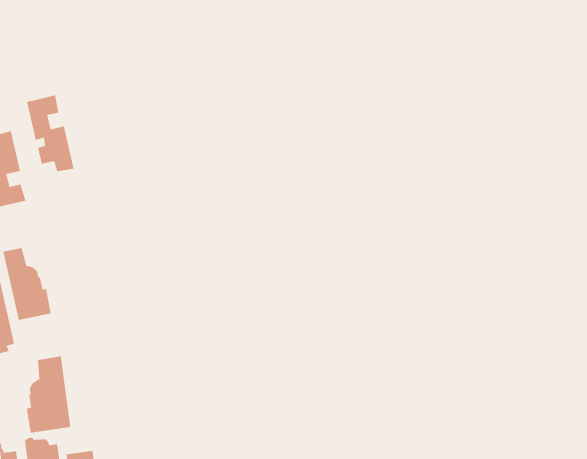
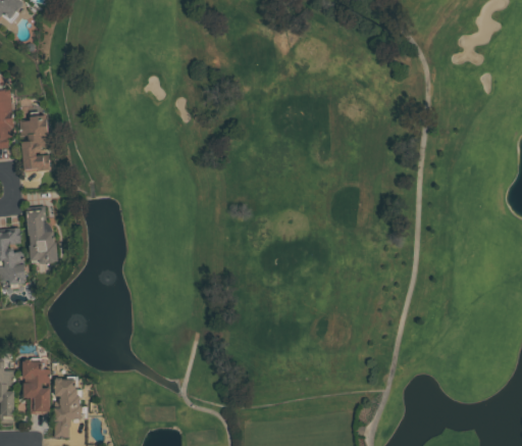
building: [27,94,74,172] -> none
building: [26,356,71,433] -> none

